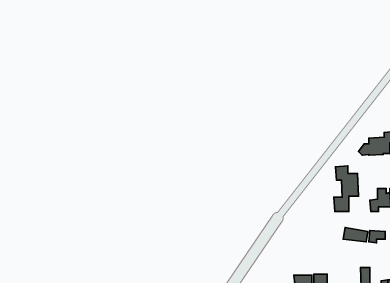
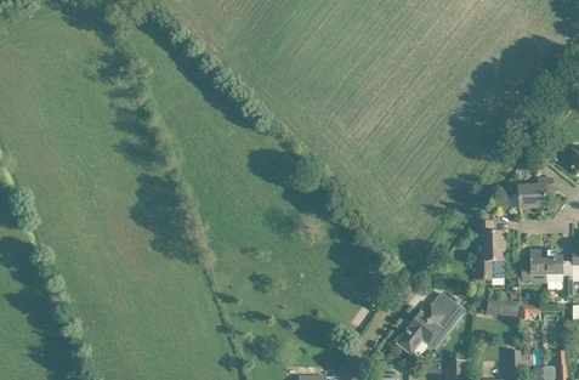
building: none -> [394,293,464,353]

